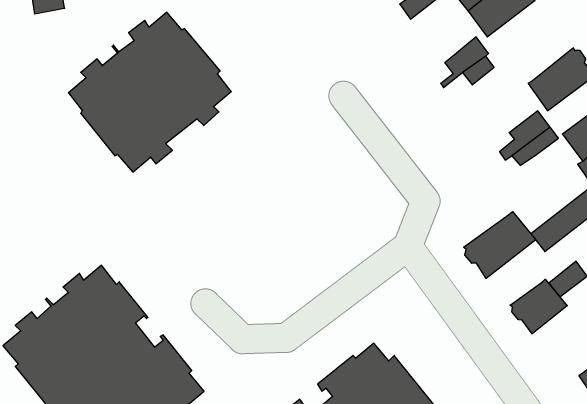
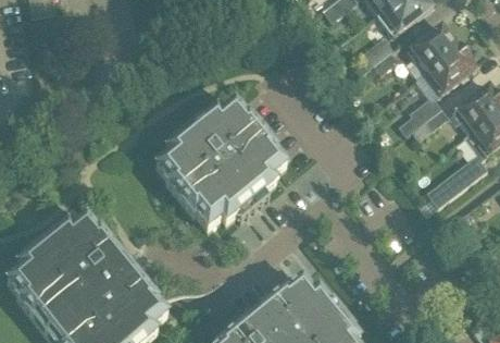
building: [68,12,231,172] -> [157,103,286,231]
building: none -> [405,26,461,81]
building: [464,212,536,278] -> none
building: [510,279,567,334] -> none

